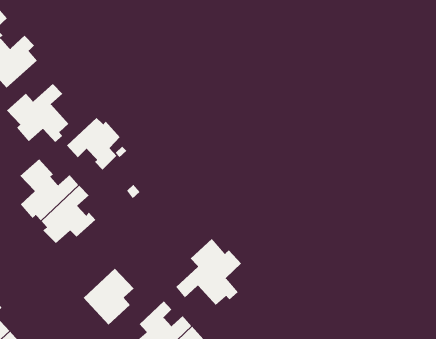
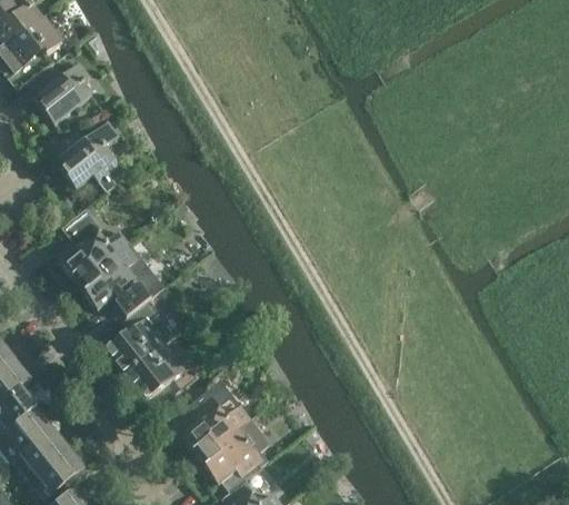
building: [66,117,121,171] -> none
building: none -> [106,286,166,376]
building: [175,238,242,306] -> none

